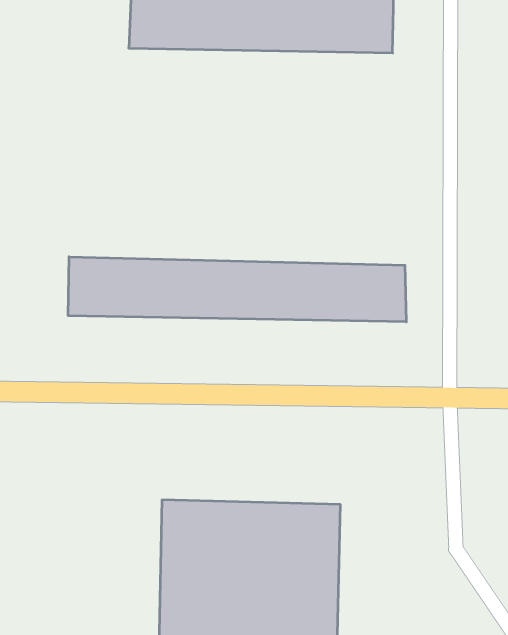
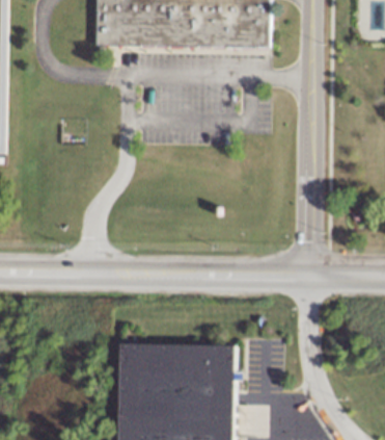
building: [68,257,406,322] -> none

